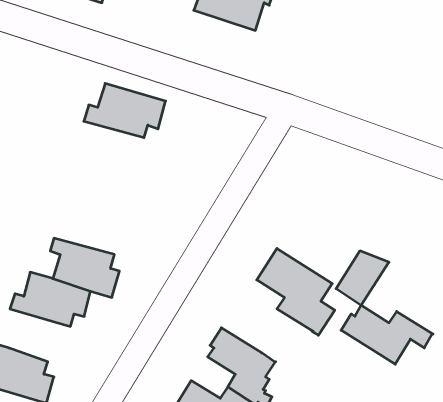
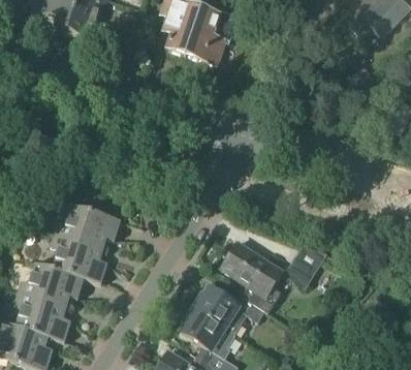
building: [84,83,166,138] -> [54,202,121,246]
building: [341,305,433,364] -> [191,285,266,334]
building: none -> [14,290,72,339]

